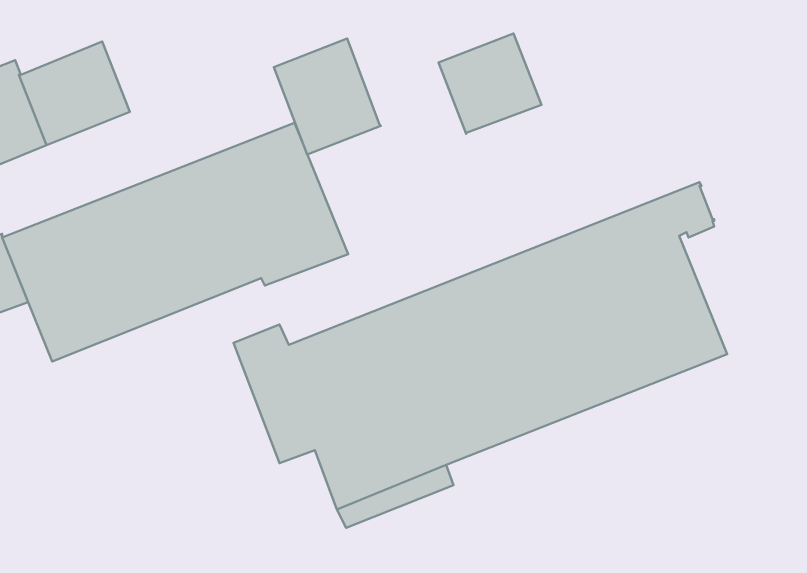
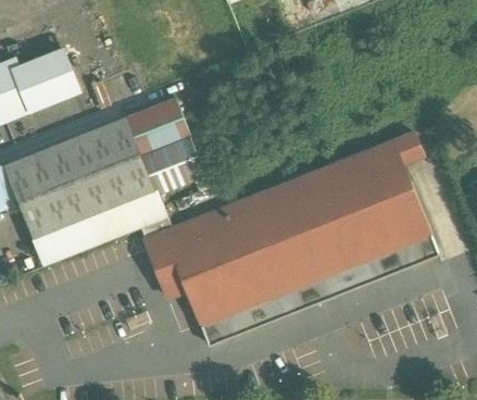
building: [438,34,541,134] -> none
building: [274,38,381,154] -> none
building: none -> [33,189,166,265]

